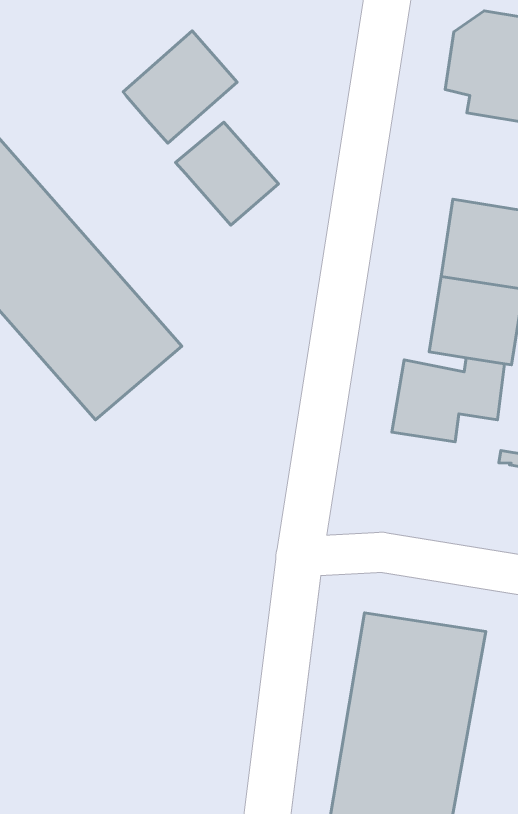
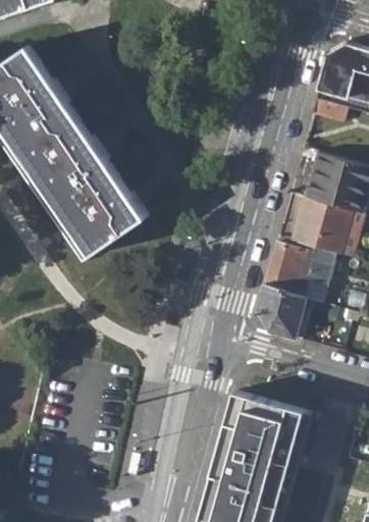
building: [123,31,237,143] -> none
building: [175,122,279,225] -> none
building: none -> [258,286,305,340]

